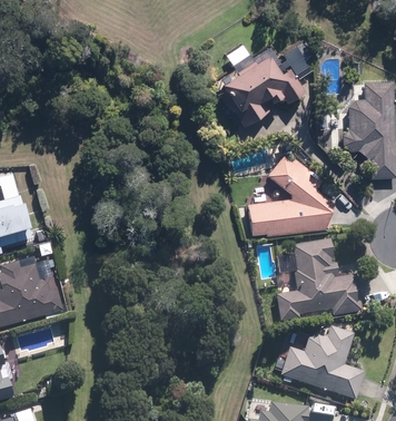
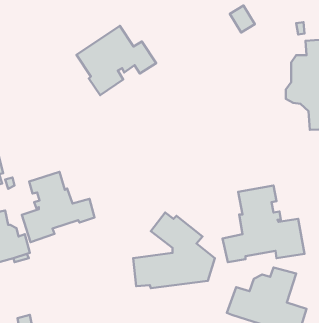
building: [216,50,301,125] -> [76,26,156,95]
building: [245,154,333,235] -> [133,213,215,288]
building: none -> [22,172,95,242]

